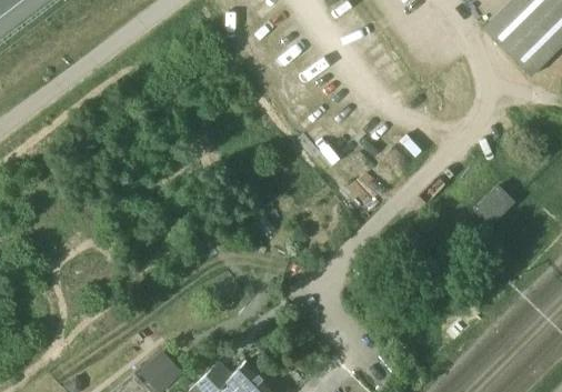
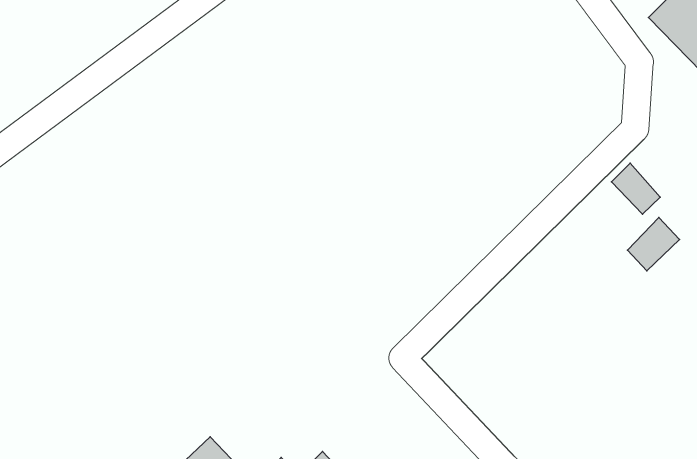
building: none -> [611,163,660,214]

